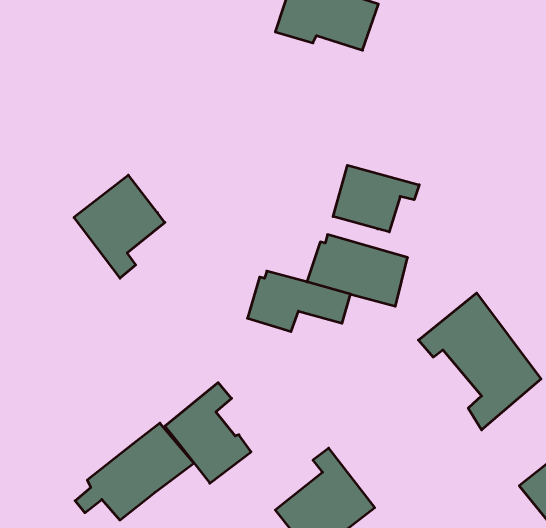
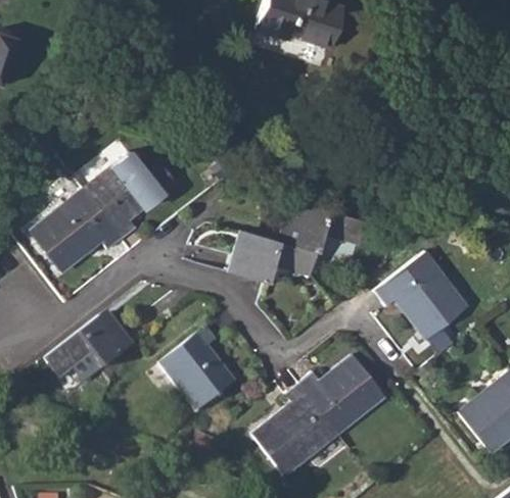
building: [333,165,419,232] -> none
building: none -> [31,187,124,269]
building: none -> [299,354,385,431]
building: [75,423,194,520] -> [36,310,136,392]

